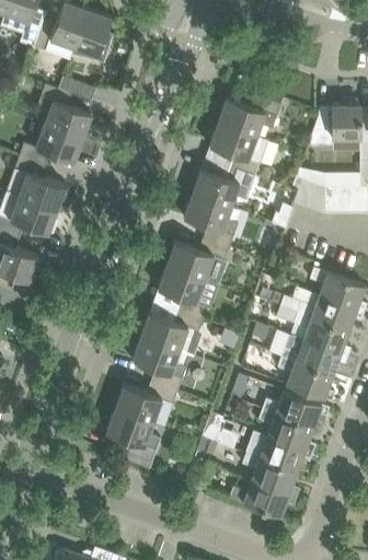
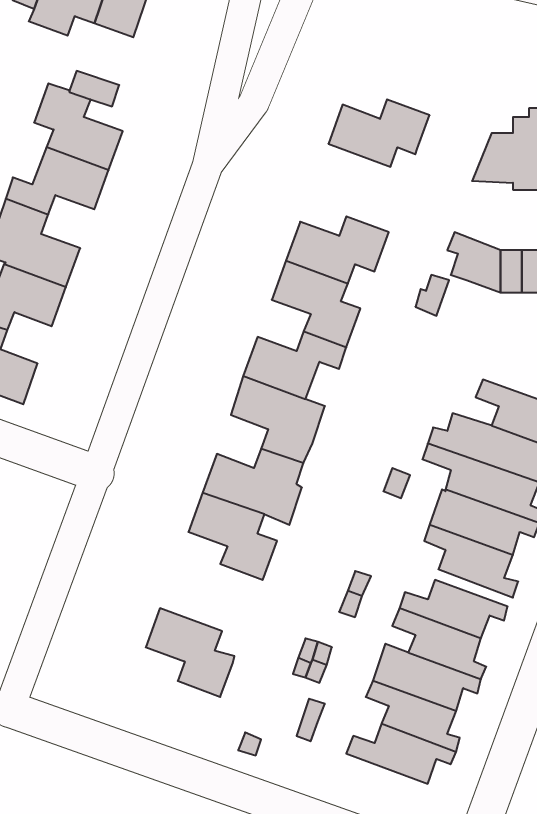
building: [210,121,268,176] -> none
building: [115,381,179,422] -> none

